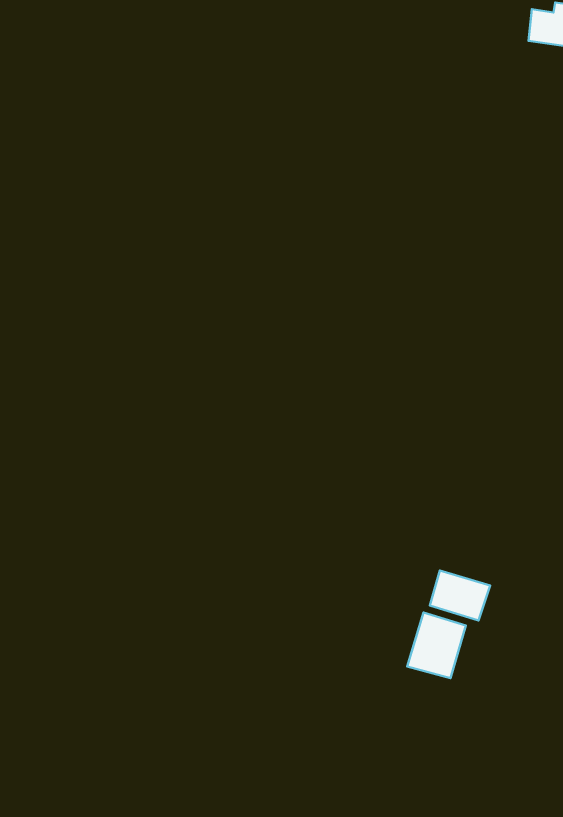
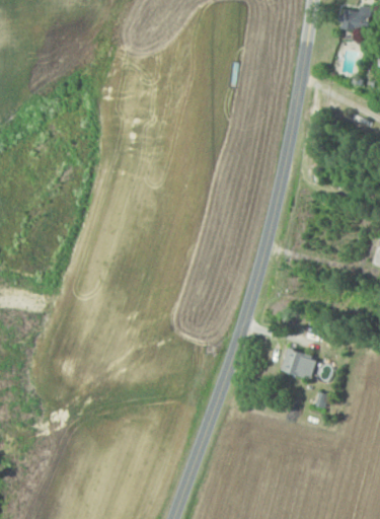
building: [407,612,466,678] -> none

